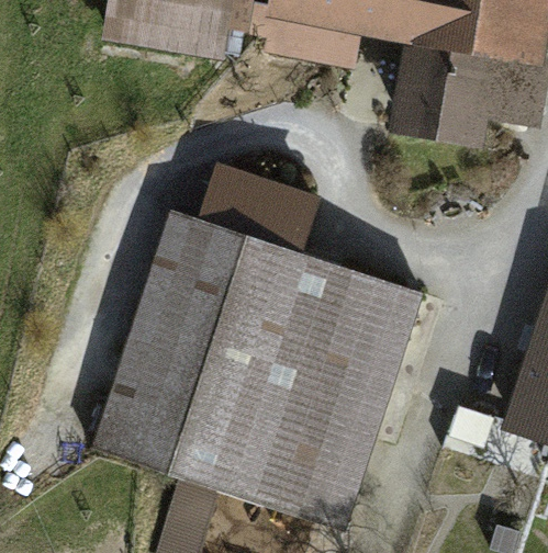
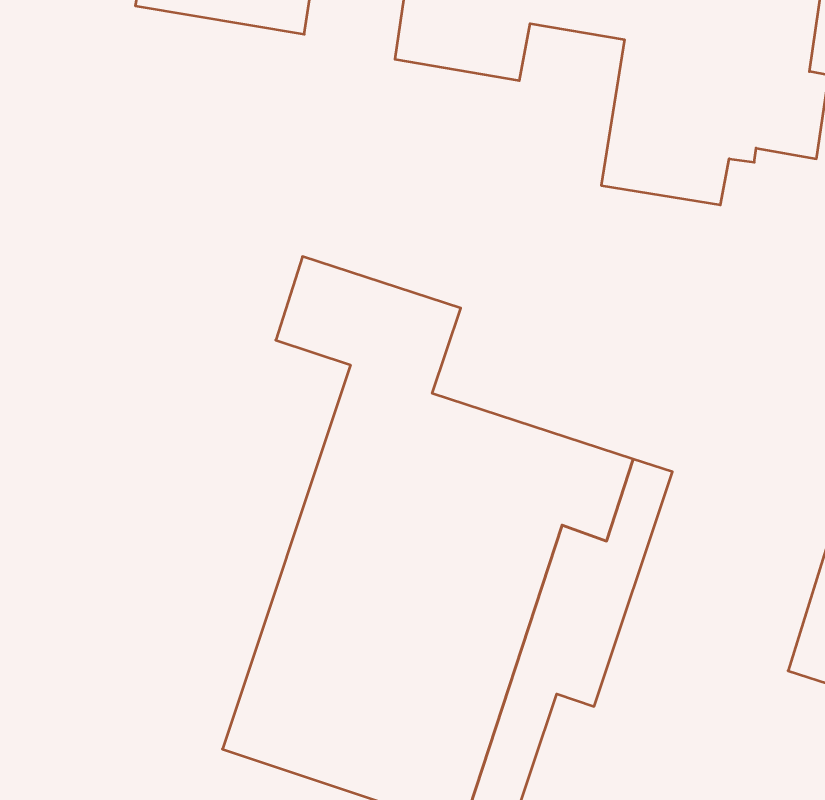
building: [91,208,246,471] -> none

